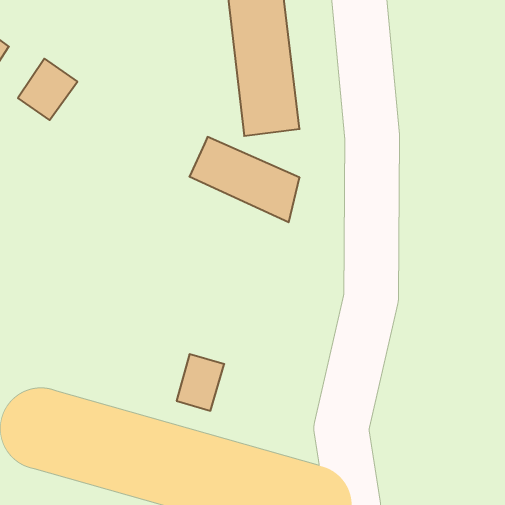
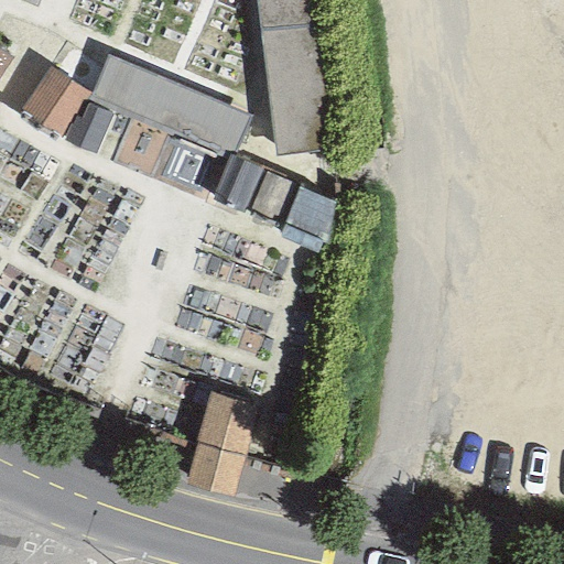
building: none -> [88,54,248,160]

